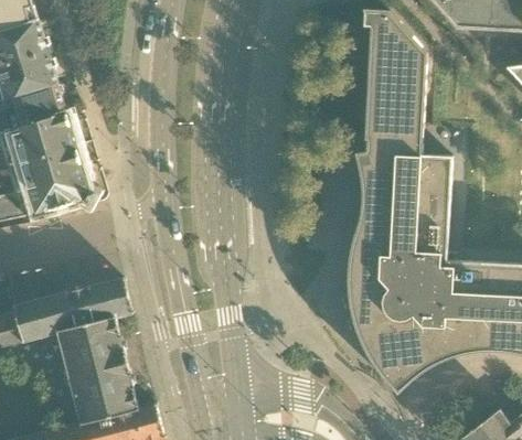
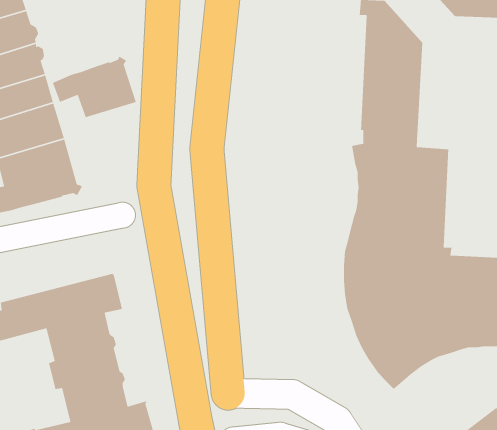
building: none -> [52,56,137,118]

